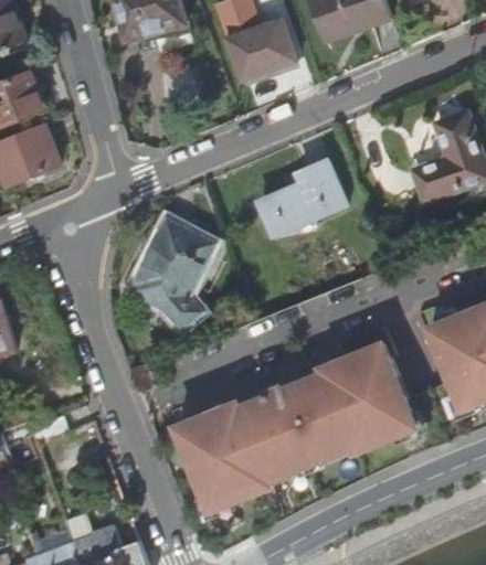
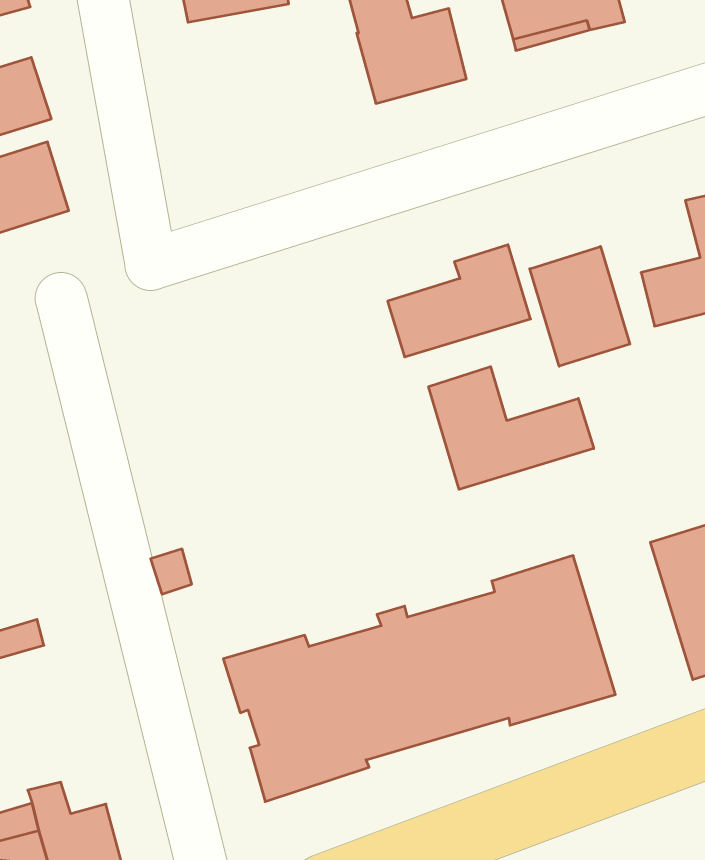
building: none -> [530,246,630,366]
building: [130,218,213,328] -> none
building: none -> [429,367,594,489]

